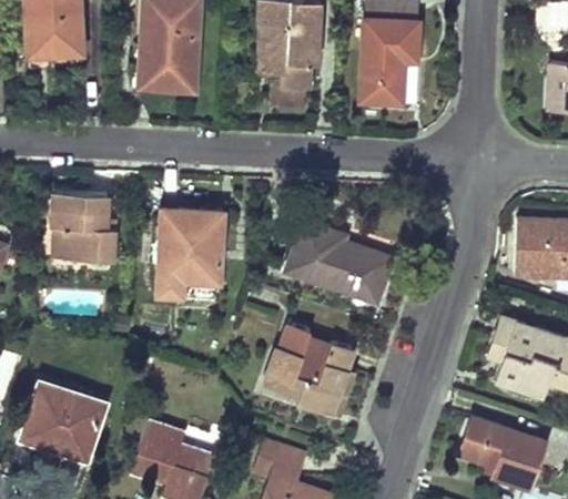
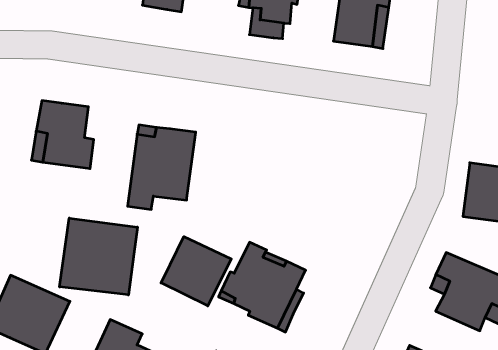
building: [286,223,390,303] -> none
building: none -> [60,218,137,295]
building: none -> [161,237,231,306]

